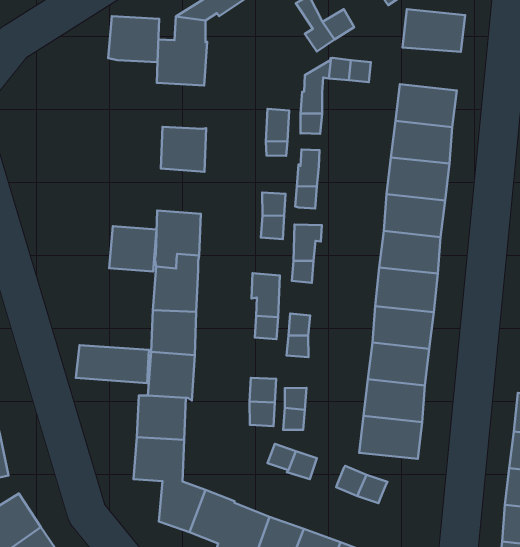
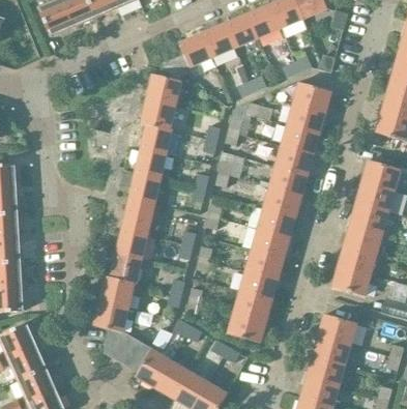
building: [108,16,159,62] -> [141,99,174,130]
building: none -> [287,104,325,134]
building: [109,226,157,271] -> [135,149,166,179]
building: [76,345,149,383] -> none

